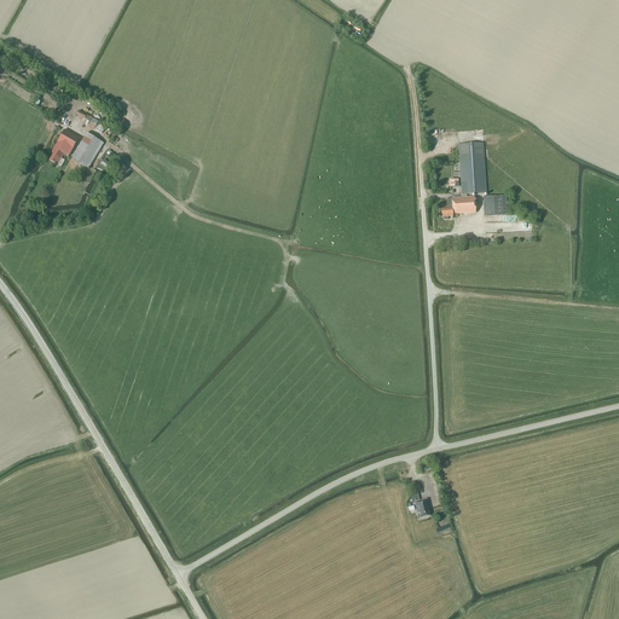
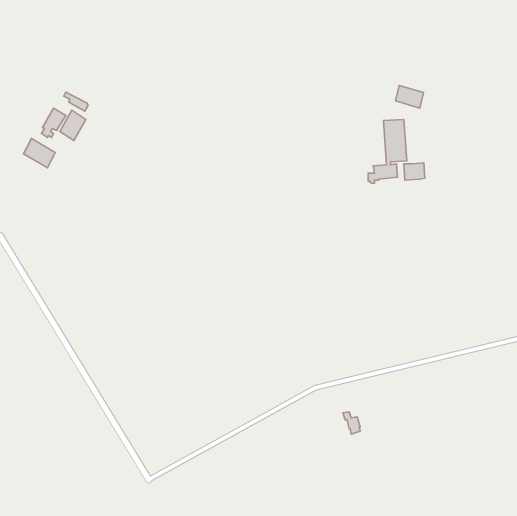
building: none -> [396,85,423,108]
building: none -> [24,139,55,168]

